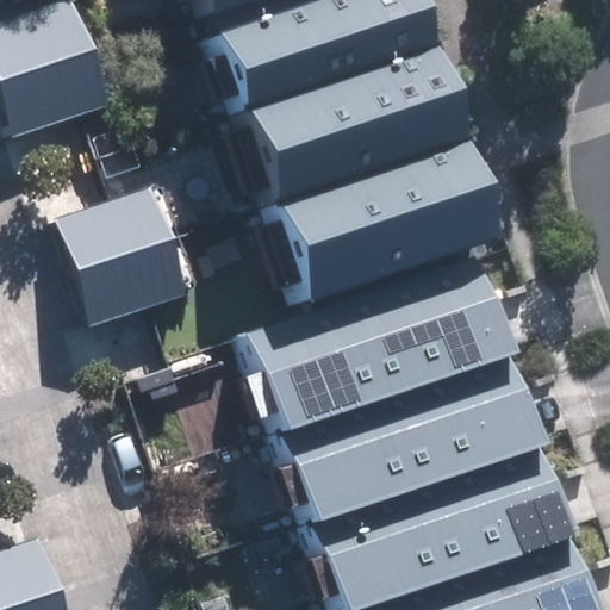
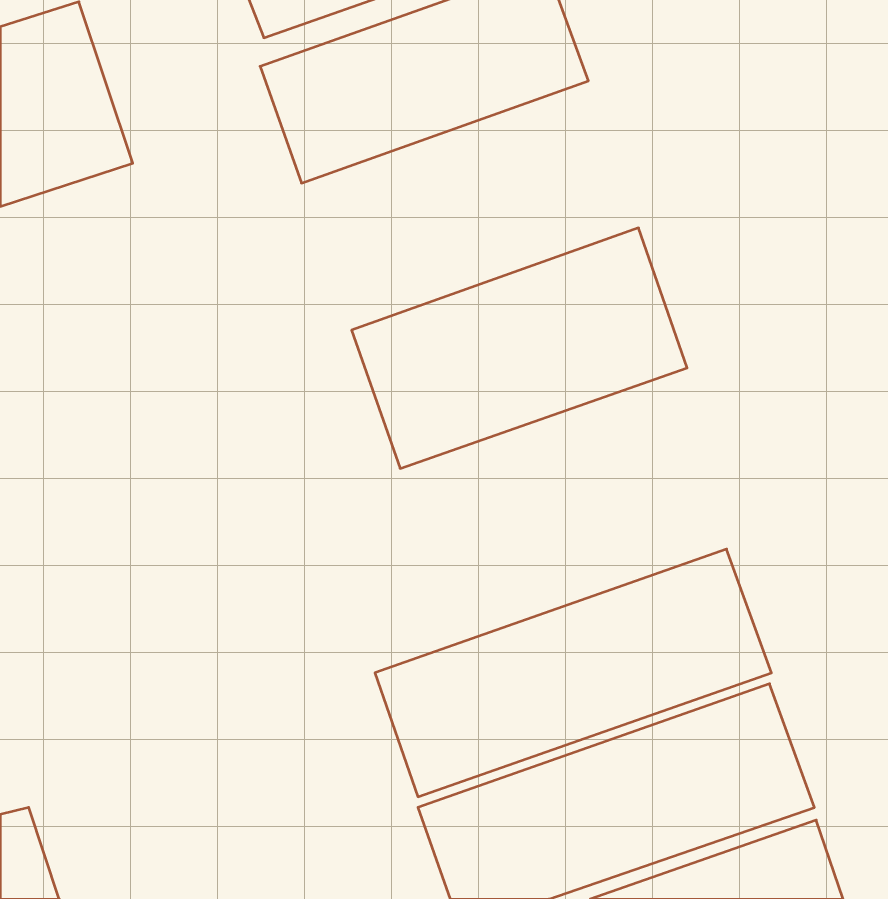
building: [223,60,442,212] -> none
building: [55,187,185,326] -> none
building: [231,259,502,440] -> none

